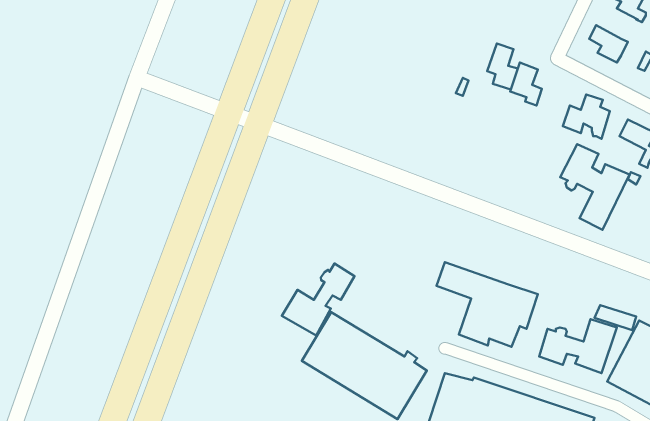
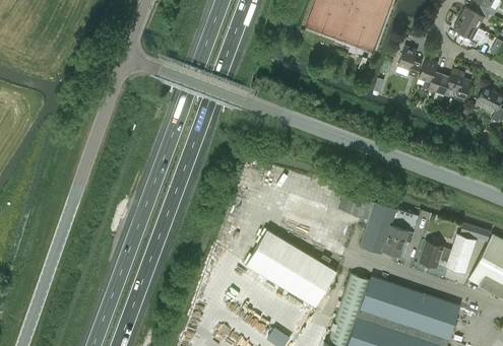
building: none -> [461,7,492,29]
building: [487,44,518,89] -> [420,60,442,93]
building: [560,144,629,230] -> none
building: [282,263,354,335] -> none

